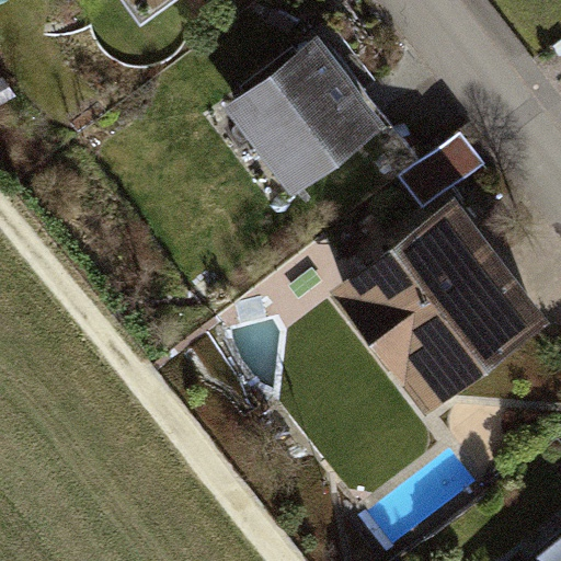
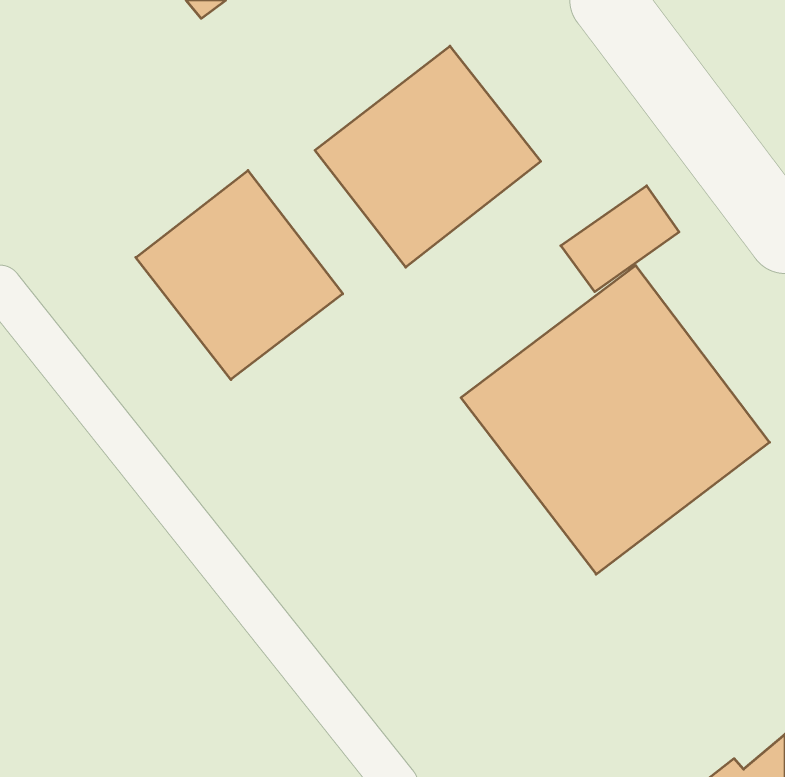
building: none -> [136,170,343,380]

